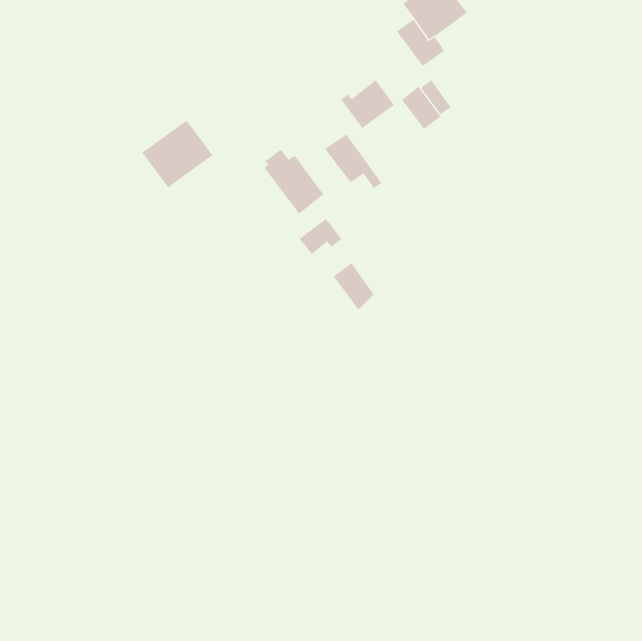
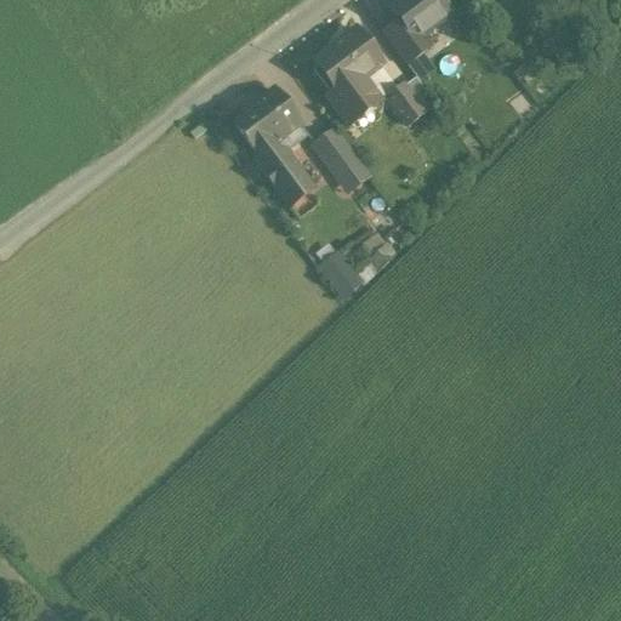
building: none -> [314,28,383,95]
building: [142,120,213,188] -> [233,89,302,154]
building: [299,218,342,255] -> none

